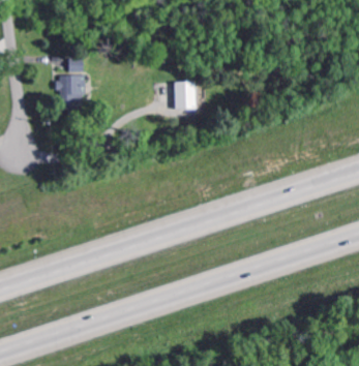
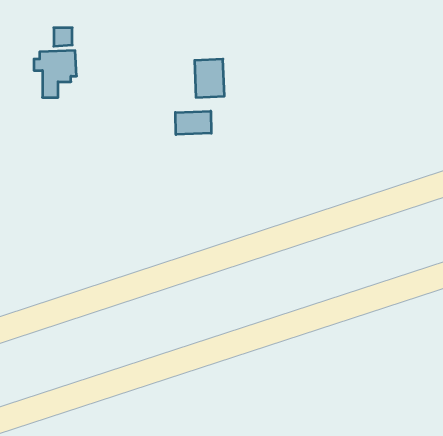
building: none -> [175,111,211,135]

